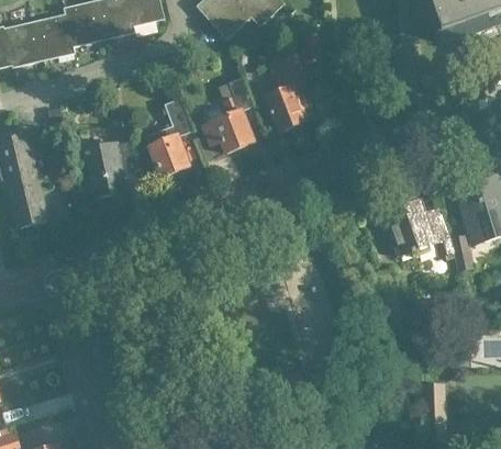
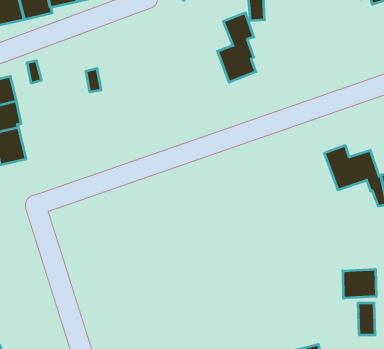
building: [203,77,255,151] -> none
building: [147,99,193,177] -> none
building: [85,142,125,197] -> none
building: none -> [343,269,376,298]

